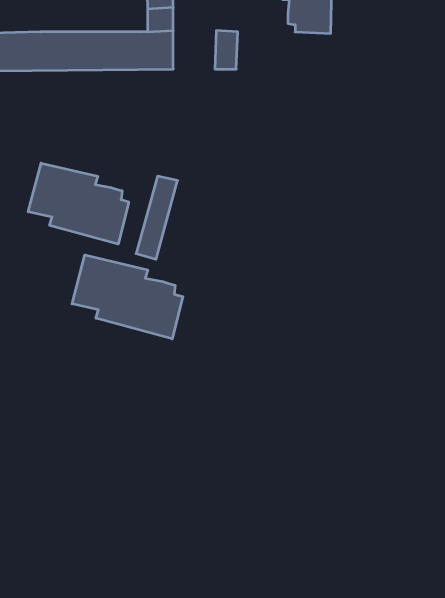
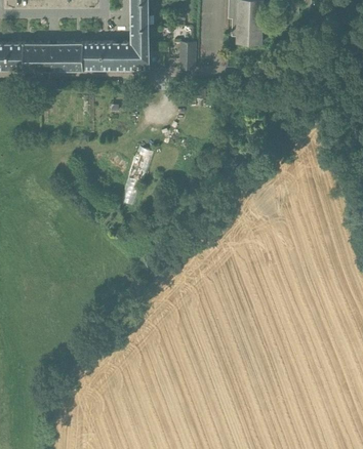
building: [28,163,129,244] -> none
building: [72,255,183,339] -> none

